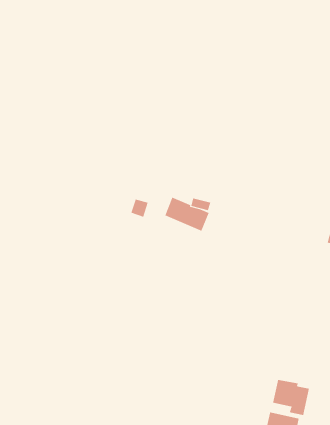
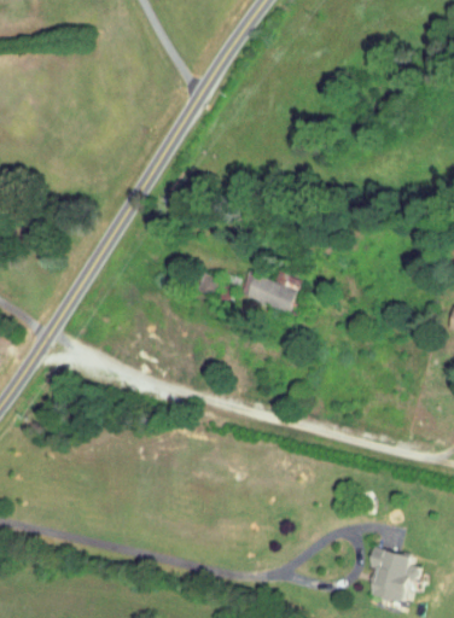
building: [272,379,309,416] -> none

